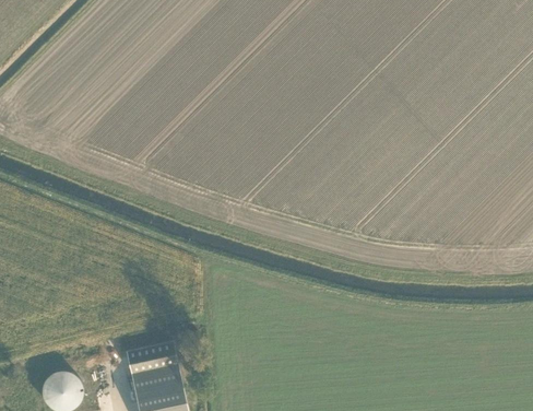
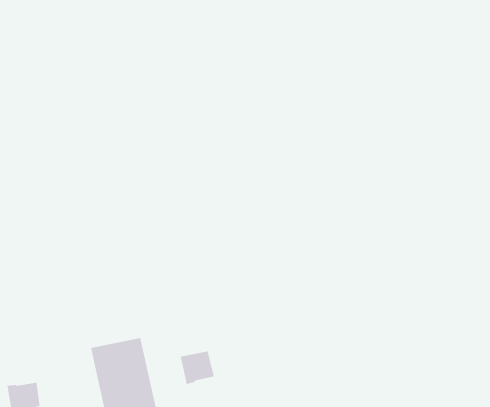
building: none -> [180,351,215,385]

